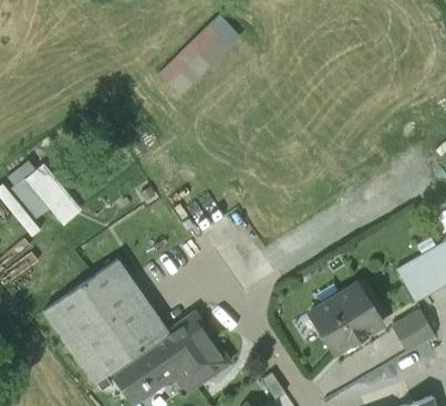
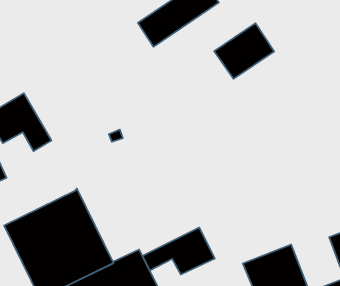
building: none -> [214,23,274,79]
building: none -> [142,227,215,275]

